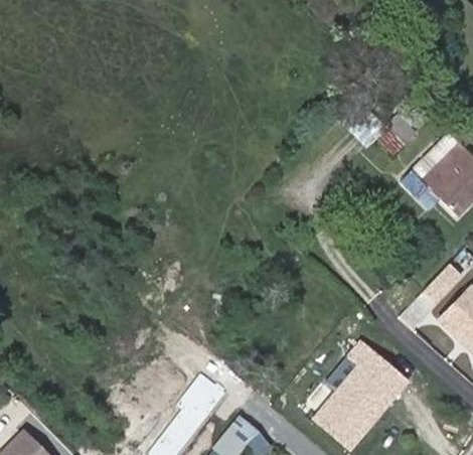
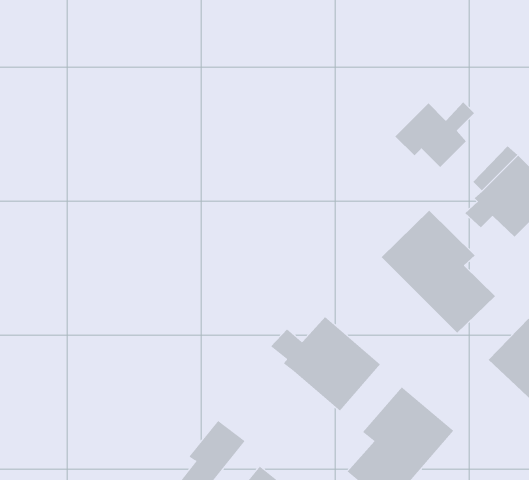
building: none -> [381,210,496,333]
building: none -> [270,316,381,412]

